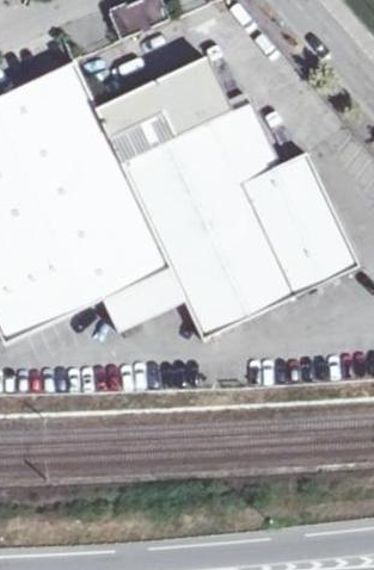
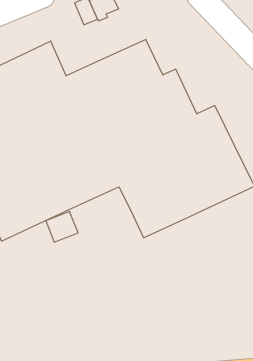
building: [100,265,185,329] -> none

